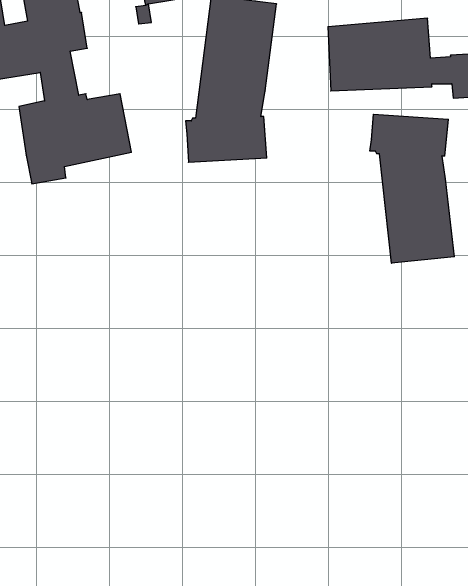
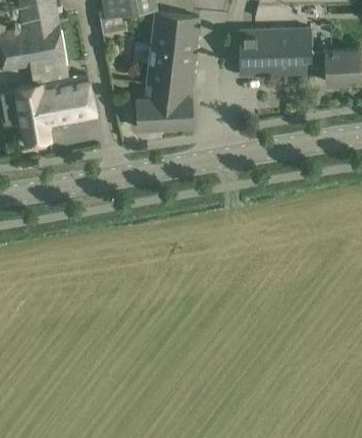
building: [370,114,454,263] -> none

